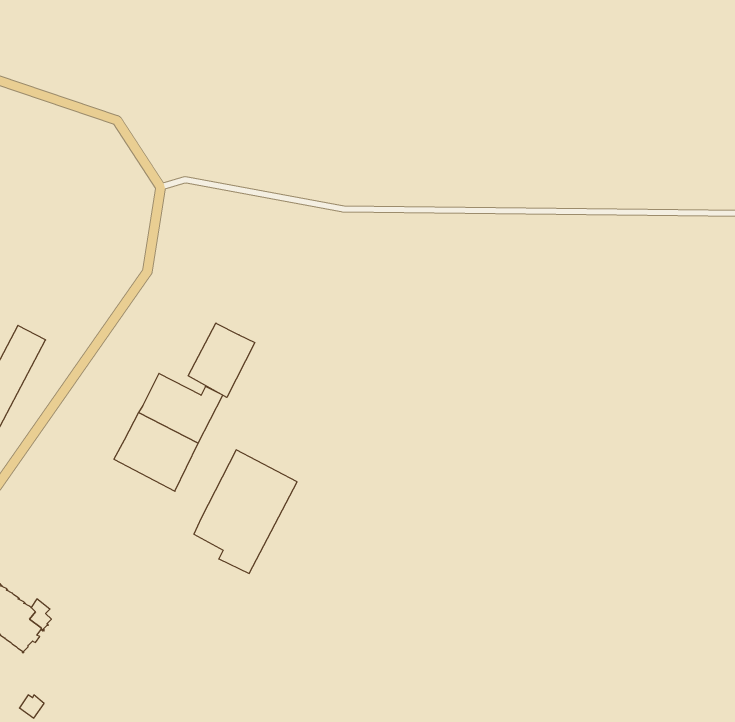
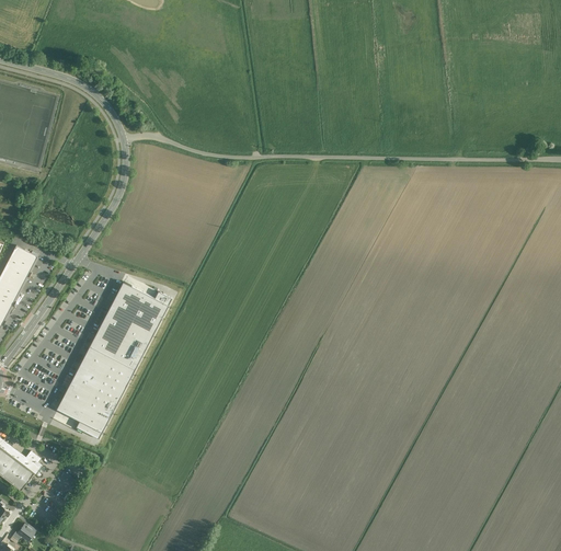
building: [188,323,255,397] -> none
building: [194,450,297,573] -> [55,346,133,439]

